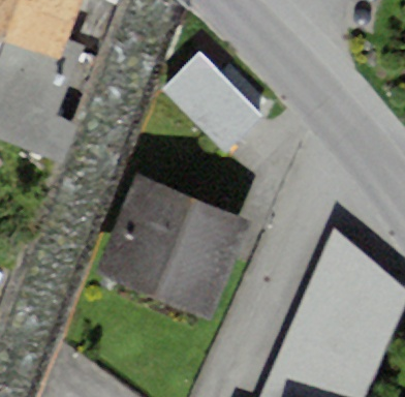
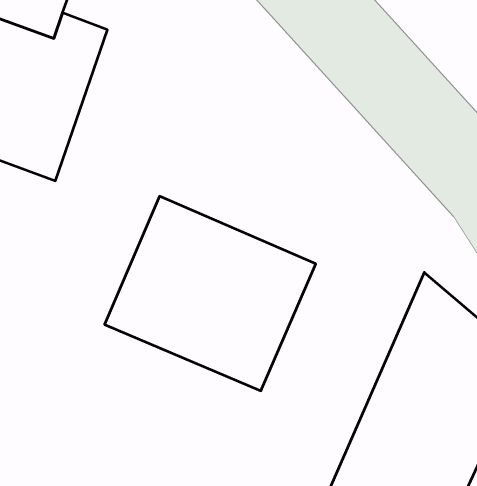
building: [161,53,267,156] -> none

